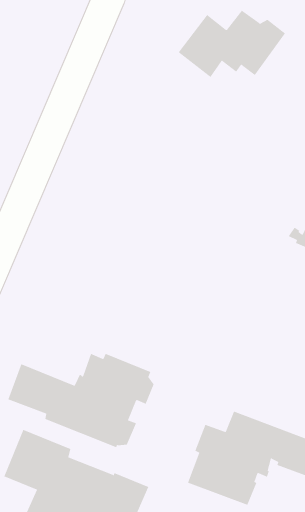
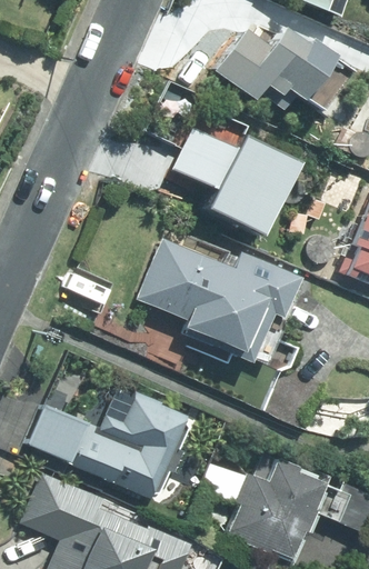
building: none -> [172,127,295,229]
building: none -> [146,251,298,366]

